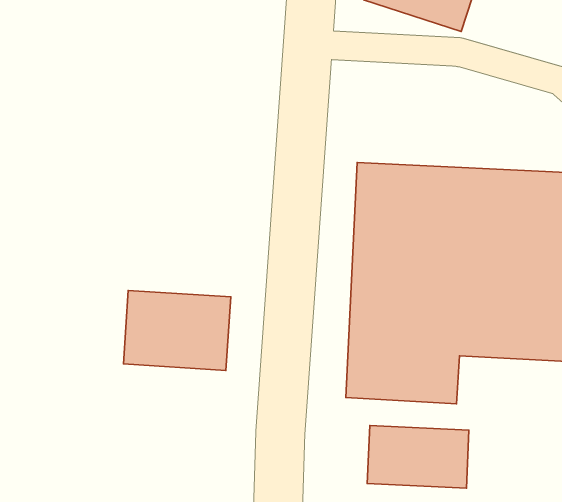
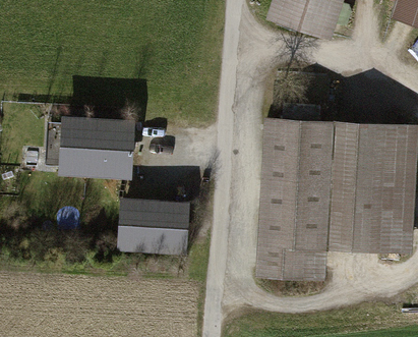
building: none -> [58,117,132,177]
building: [367,425,469,488] -> none

